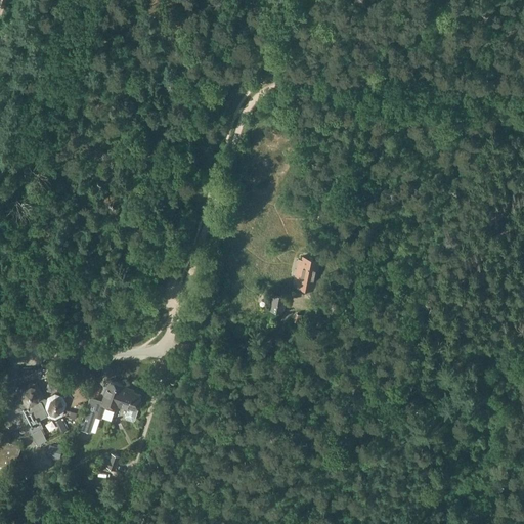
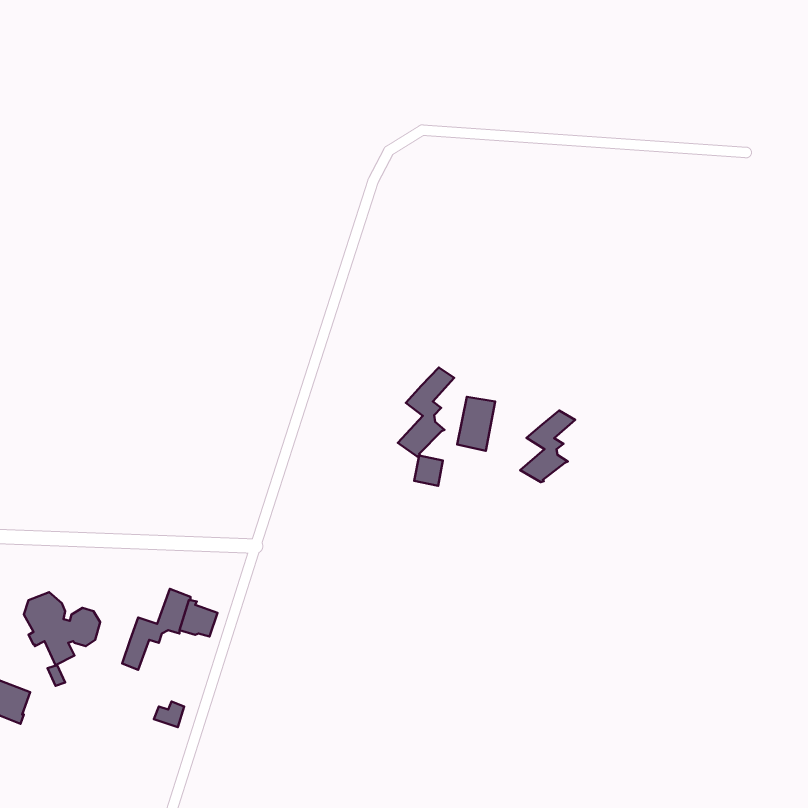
building: none -> [398,367,454,457]
building: none -> [520,411,575,482]

